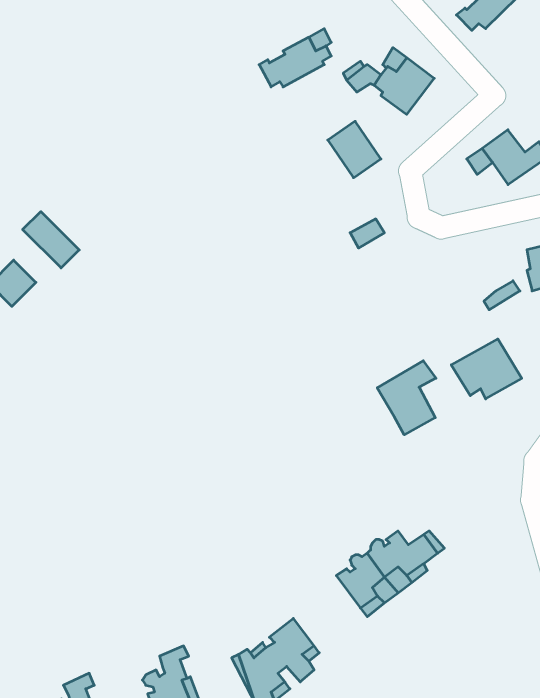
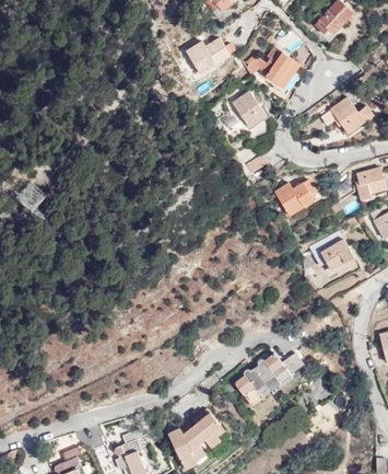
building: [23,212,79,268] -> none
building: none -> [274,180,315,215]
building: [377,361,436,435] -> none

